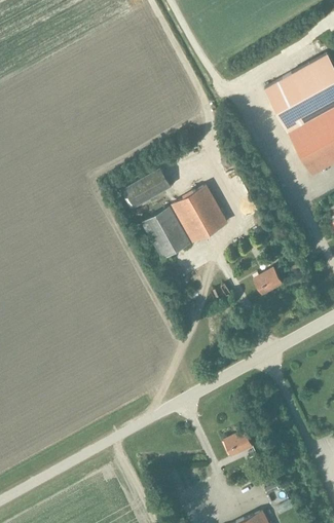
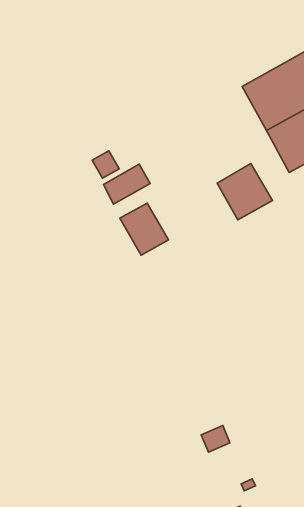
building: none -> [92,151,119,178]
building: [172,186,227,242] -> [217,164,272,220]
building: [253,268,283,296] -> none

